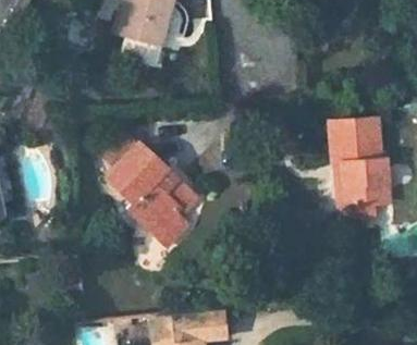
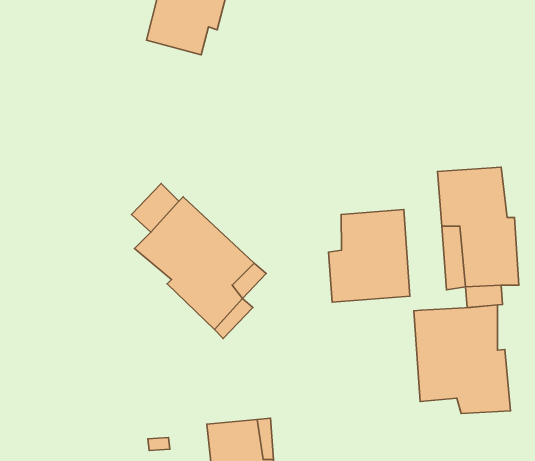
building: none -> [329,209,410,302]
building: none -> [414,305,510,413]

